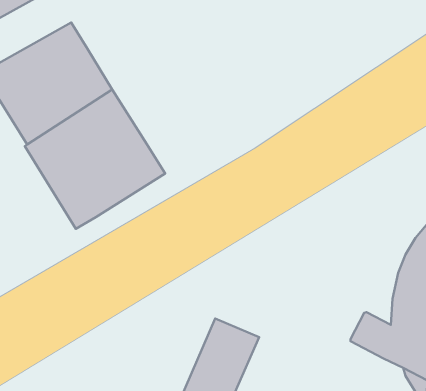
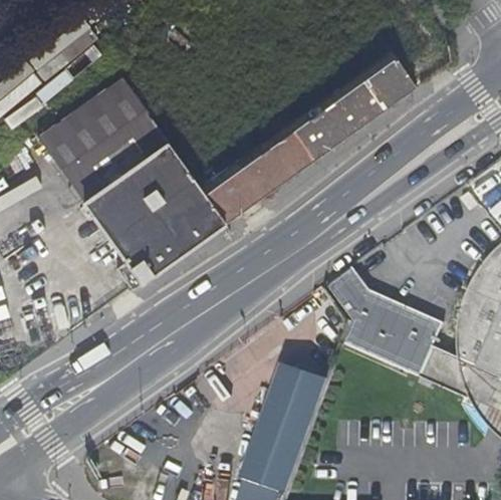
building: none -> [205,58,416,222]
building: none -> [329,270,444,376]

